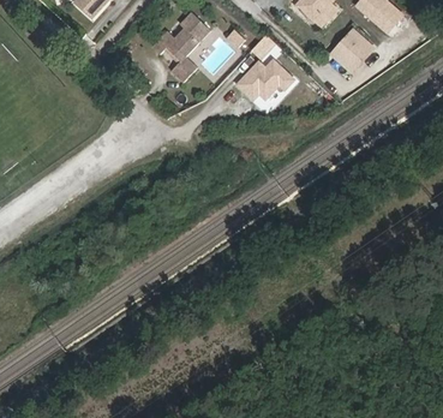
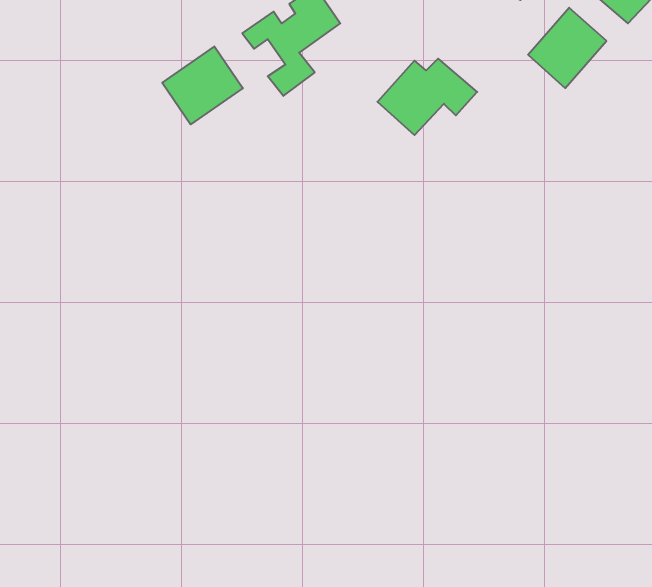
building: none -> [162,46,243,124]

